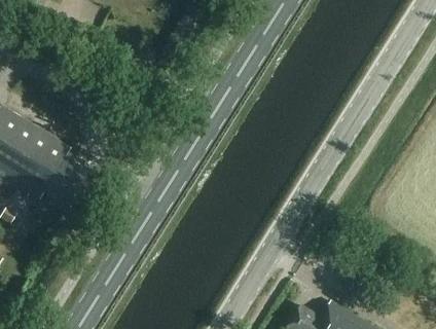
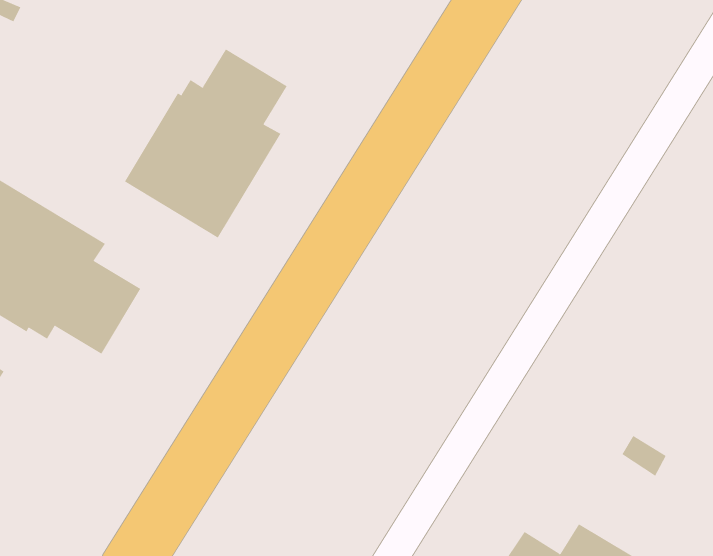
building: none -> [124,48,288,238]

